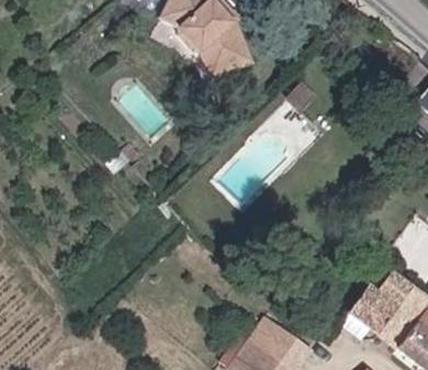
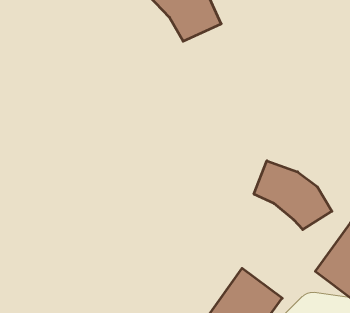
building: none -> [254,161,332,230]

